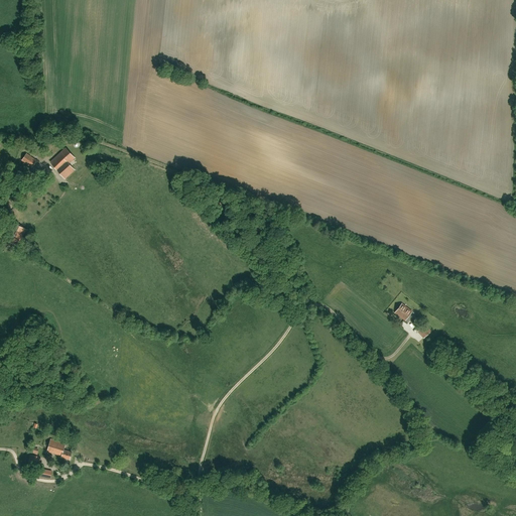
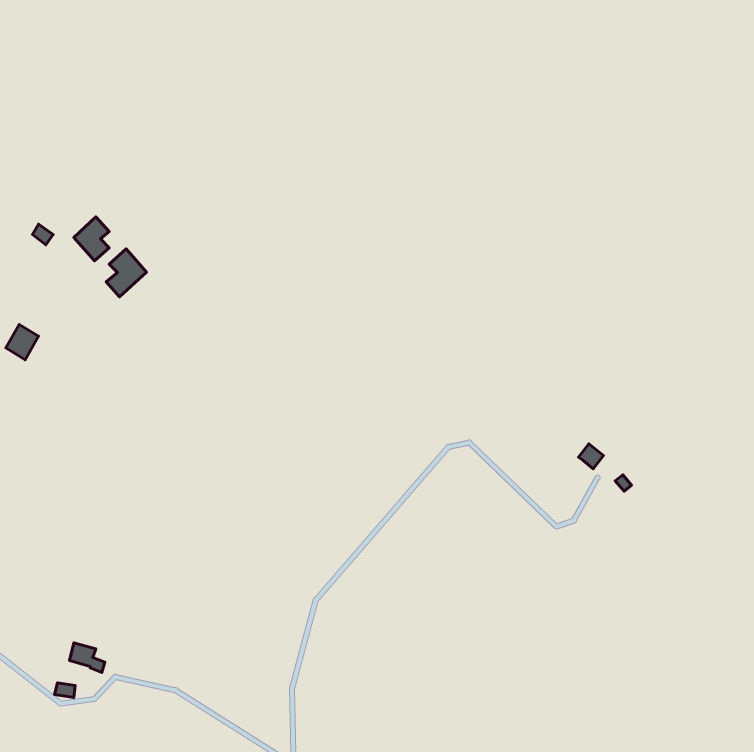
building: none -> [106,249,146,297]

